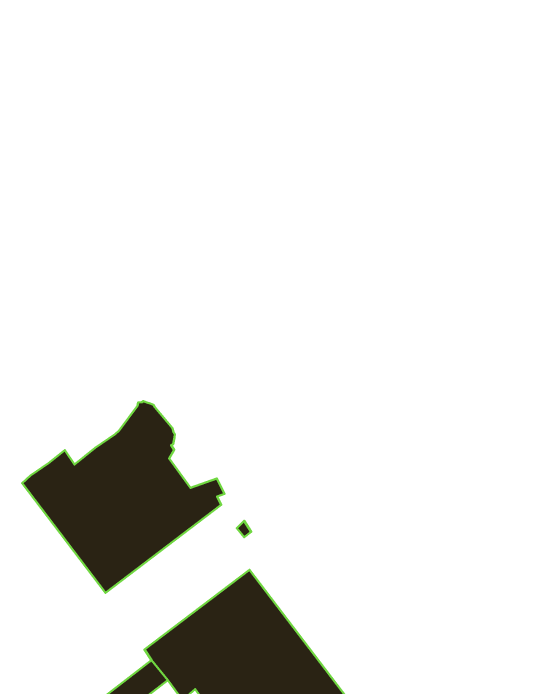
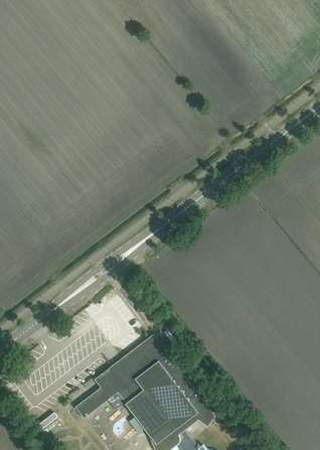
building: [22,401,225,593] -> none

